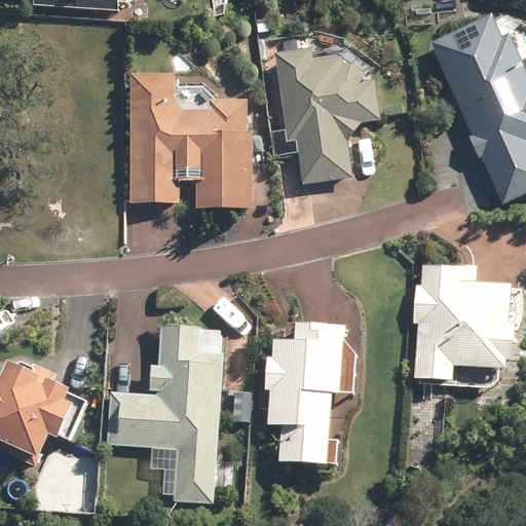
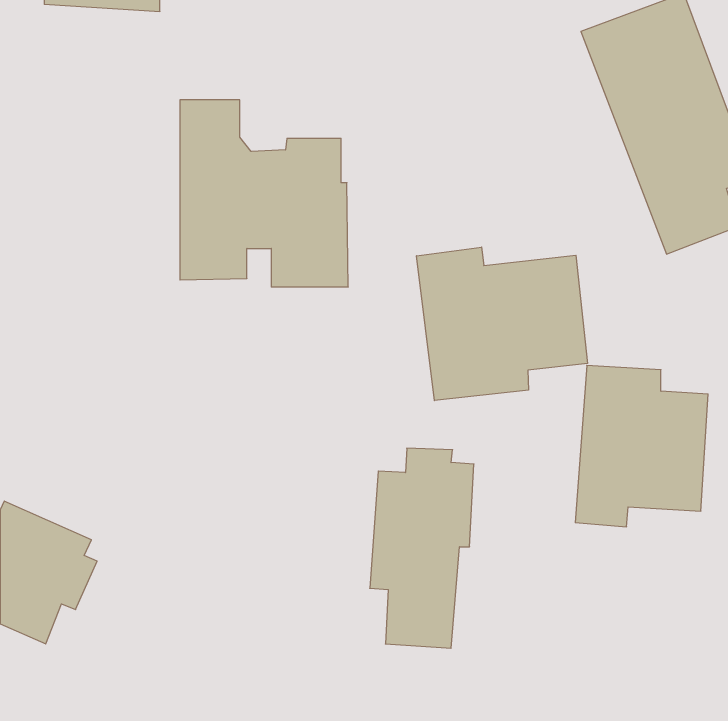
building: [276,50,380,182] -> none
building: none -> [417,247,588,401]
building: [107,325,223,502] -> none

